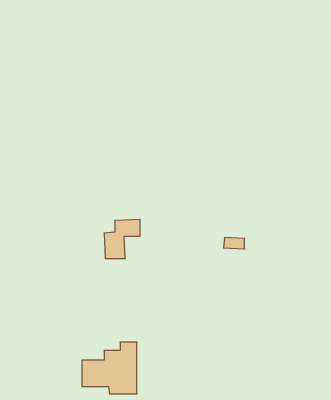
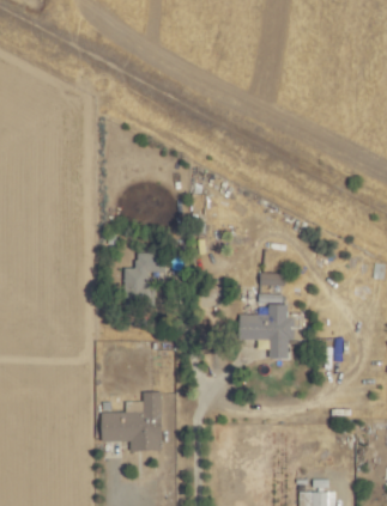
building: none -> [241,293,306,358]

